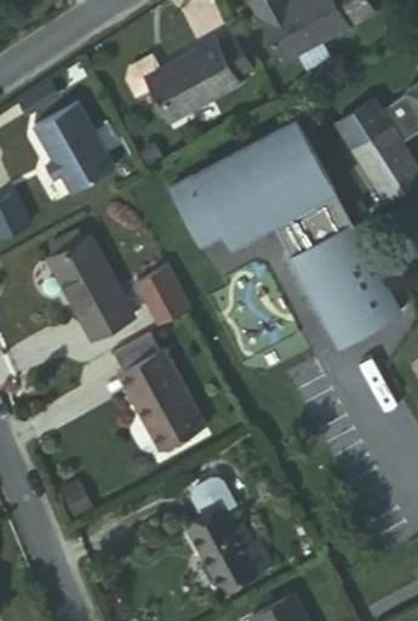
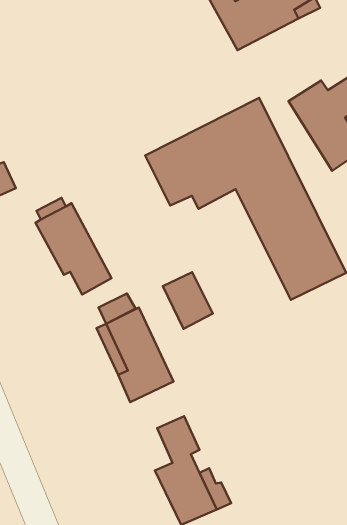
building: [136,39,258,126] -> none
building: [39,98,120,189] -> none
building: [141,269,196,332] -> [163,272,213,329]

